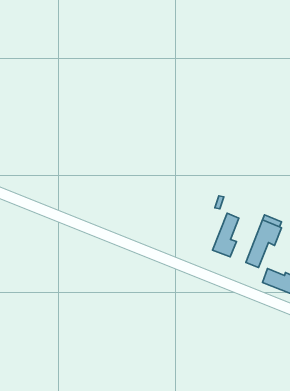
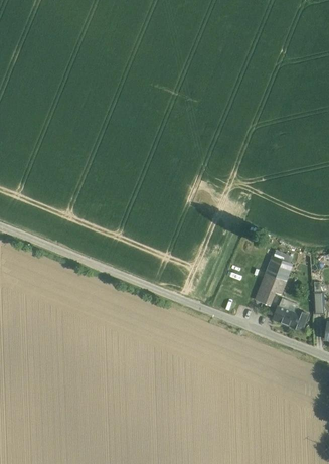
building: [213,213,239,257] -> none

